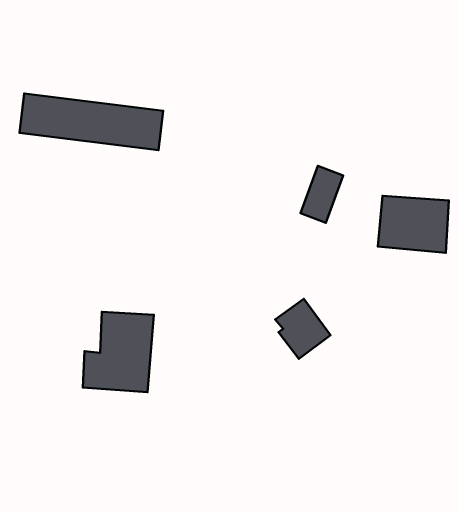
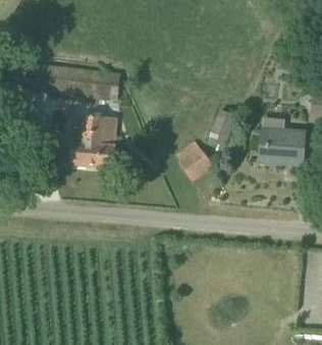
building: [275,299,331,359] -> [176,141,212,180]
building: [83,312,154,392] -> [70,115,116,167]

